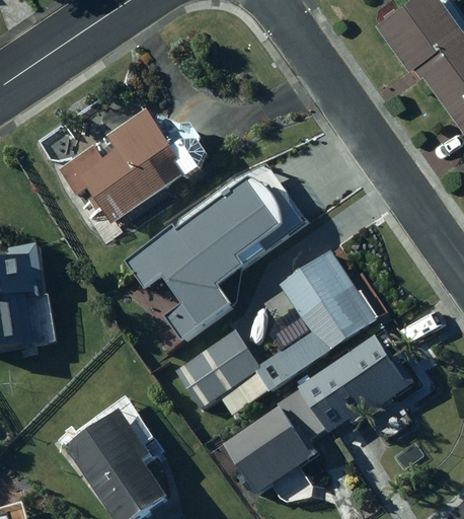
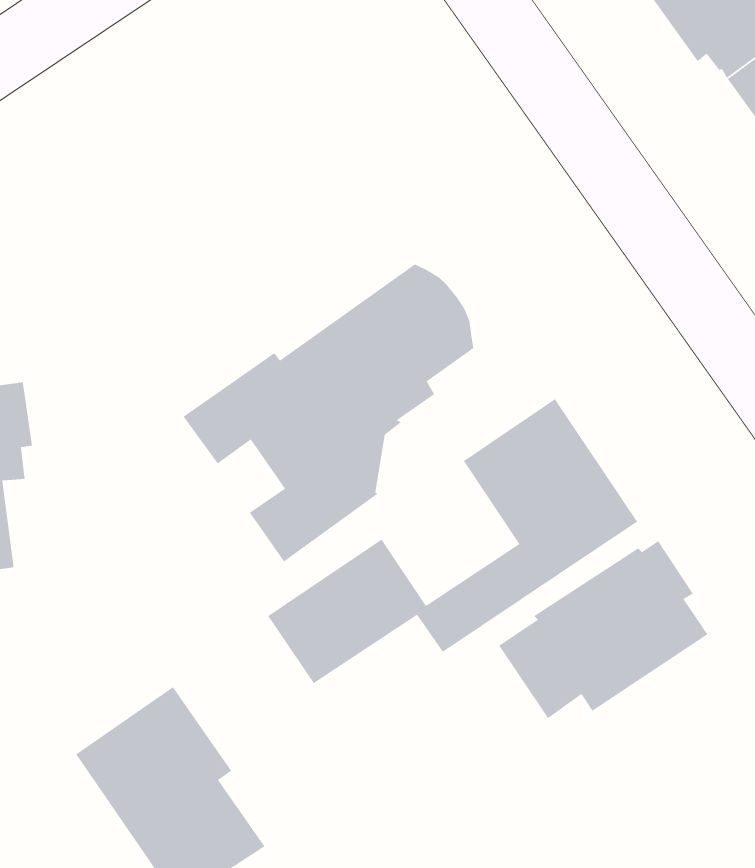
building: [58,108,208,227] -> none
building: [223,387,325,494] -> none

